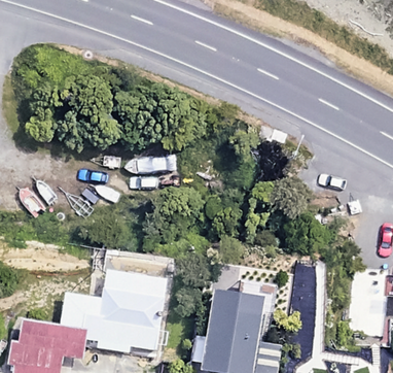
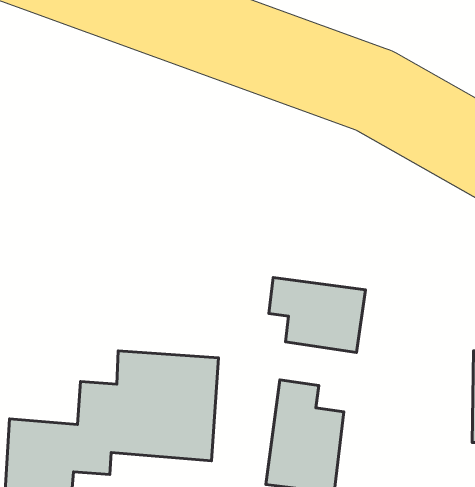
building: none -> [269,277,366,352]

